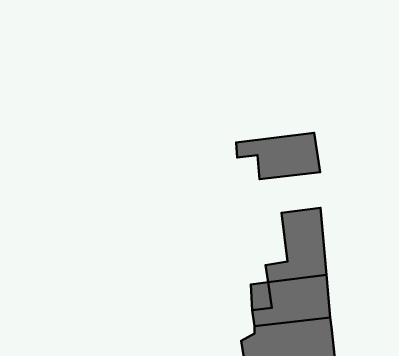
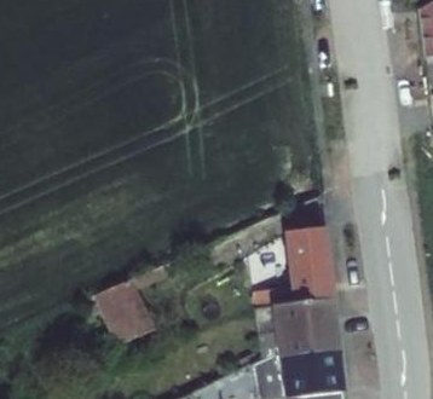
building: [236,133,320,179] -> none
building: none -> [96,283,150,342]

